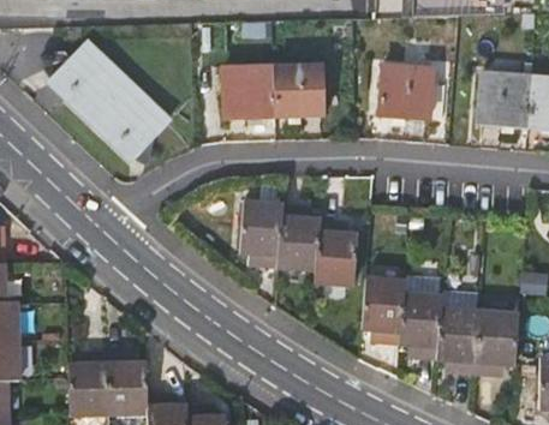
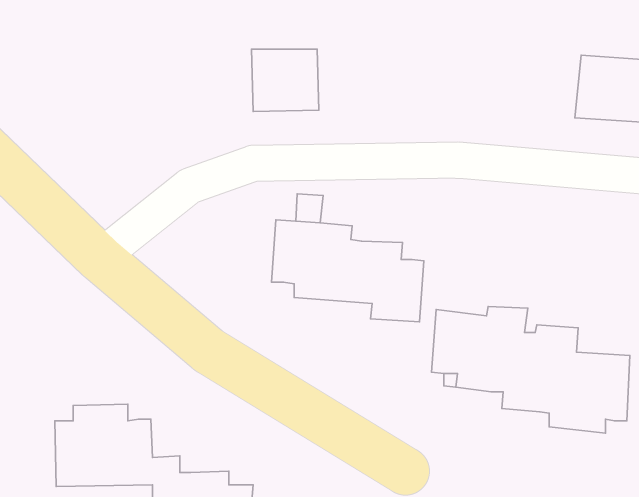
building: [52,38,169,155] -> none
building: [378,66,432,119] -> none
building: [275,68,324,118] -> none

